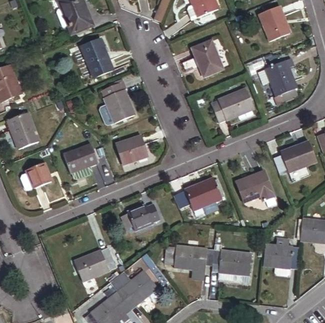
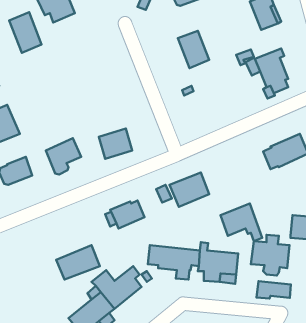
building: [81,38,112,77] -> [9,12,42,53]
building: [101,82,133,122] -> none
building: [210,88,253,122] -> none
building: [235,170,275,206] -> [221,204,262,241]
building: none -> [256,281,291,298]

